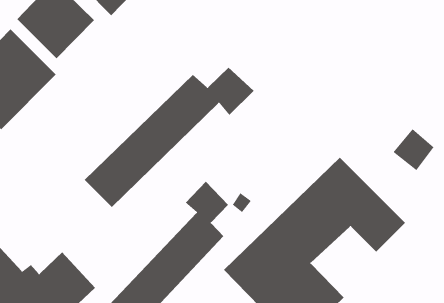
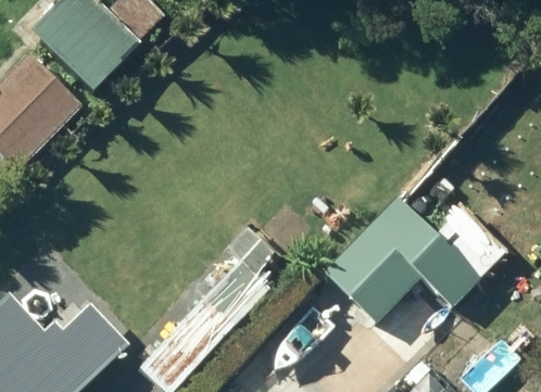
building: [84,67,254,208] -> none

